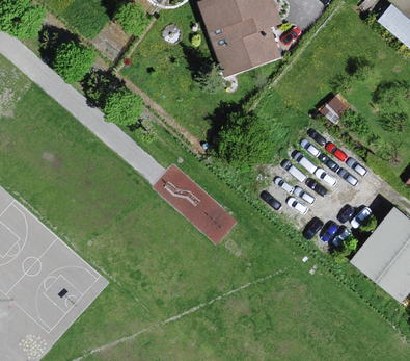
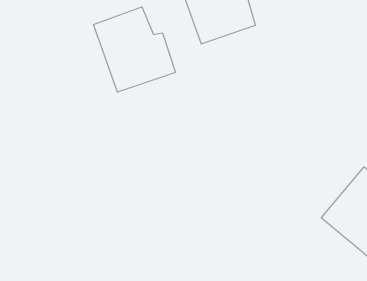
building: none -> [93,7,176,92]

